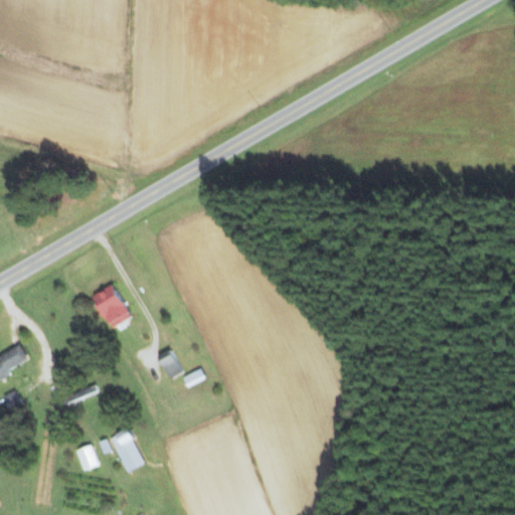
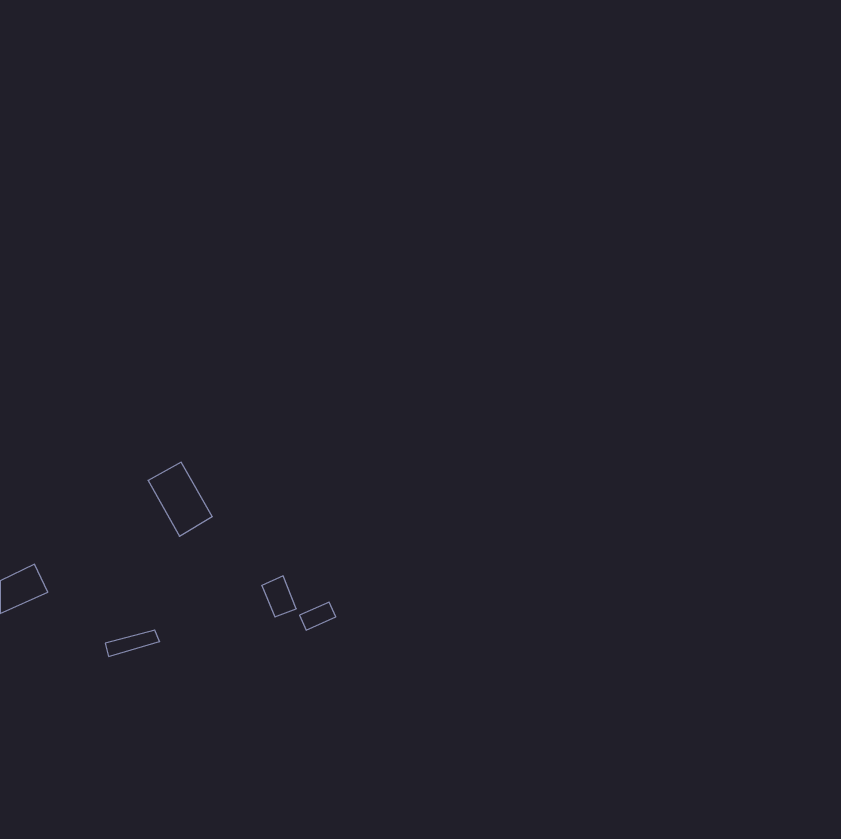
building: [112,430,142,471] -> none
building: [75,443,99,470] -> none

